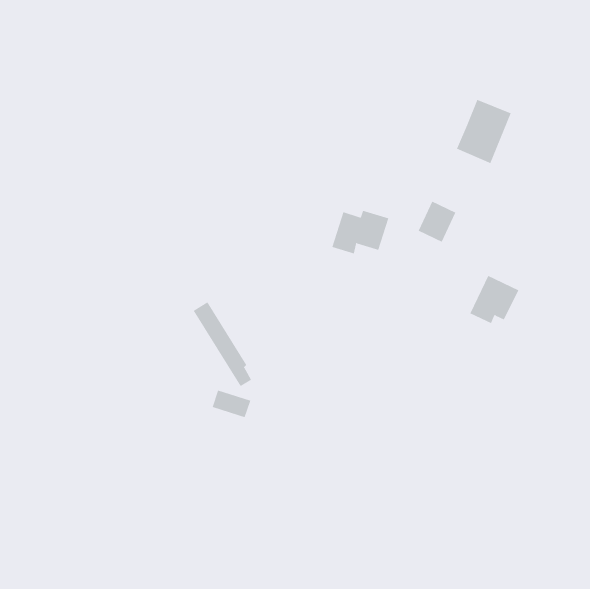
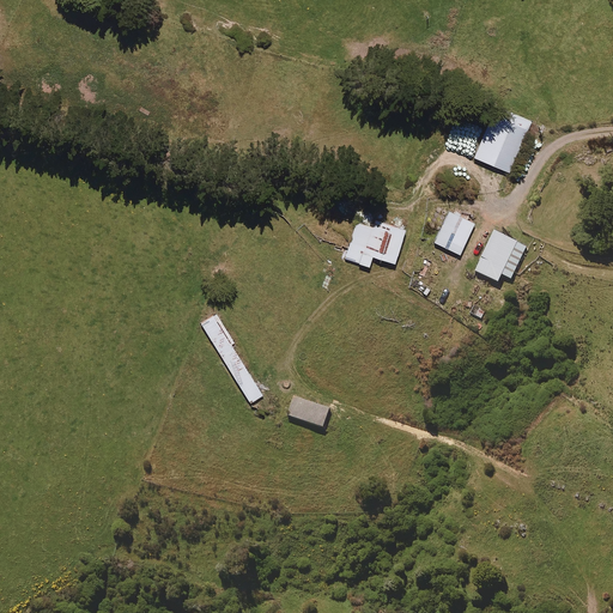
building: [469,275,519,324] -> [475,232,527,283]
building: [212,390,251,418] -> [289,399,329,427]

